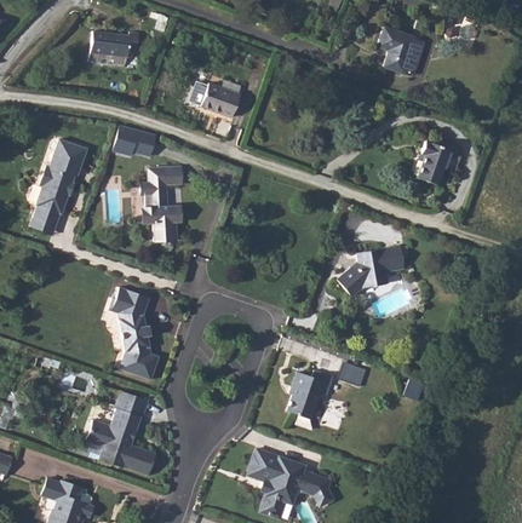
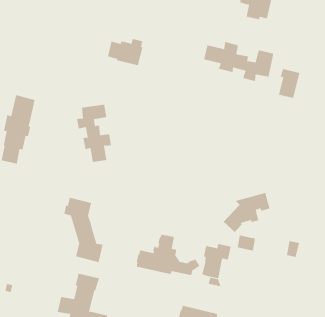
building: [90,29,140,56] -> none
building: none -> [203,41,274,82]
building: [113,123,157,155] -> none
building: [337,245,403,295] -> [223,192,271,233]
building: none -> [136,234,200,276]

